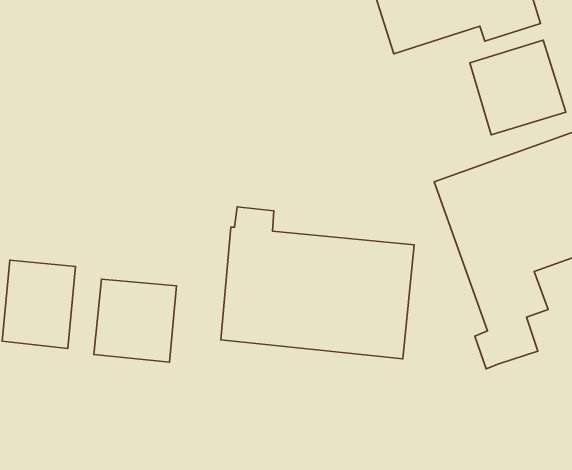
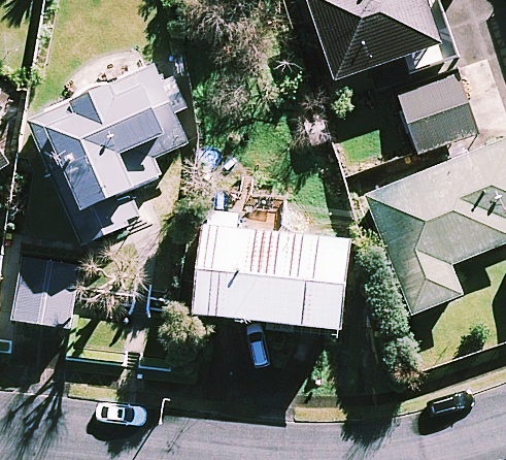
building: none -> [36,59,184,216]
building: [94,279,177,362] -> none

